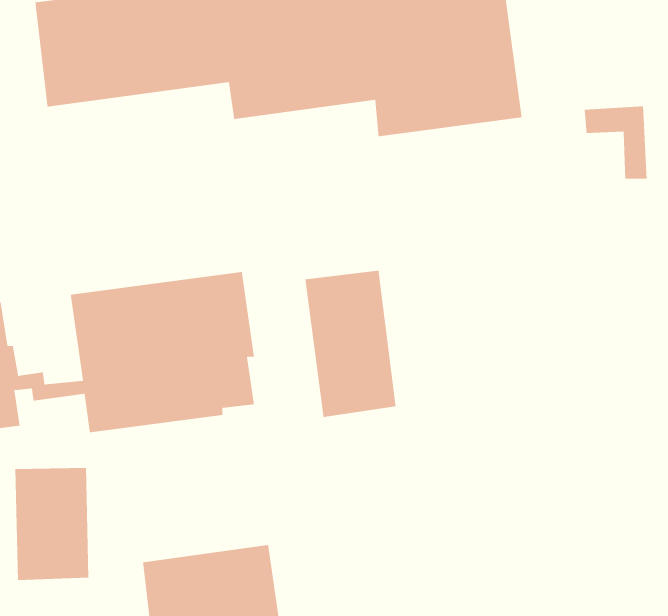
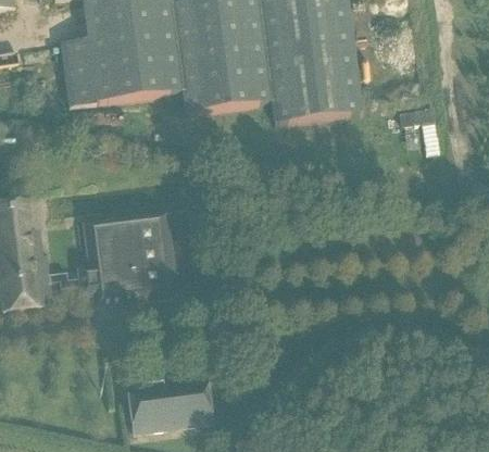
building: [305,270,397,418] -> none
building: [15,467,89,581] -> none

